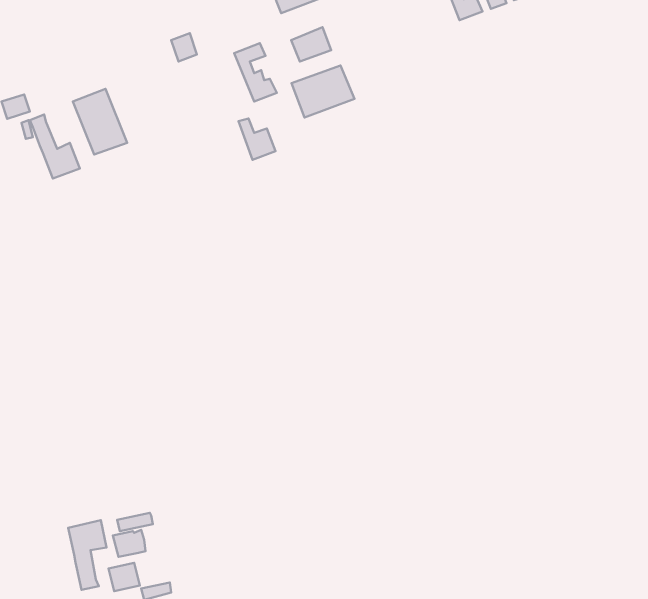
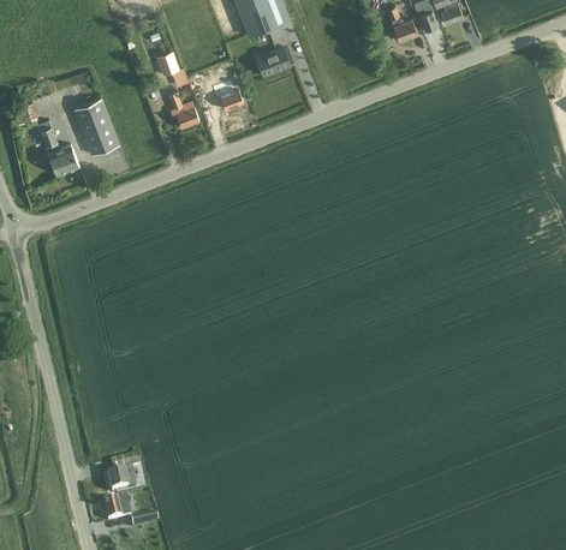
building: [291,65,354,118] -> none
building: [238,118,275,160] -> [169,92,201,127]
building: [68,520,106,590] -> none

